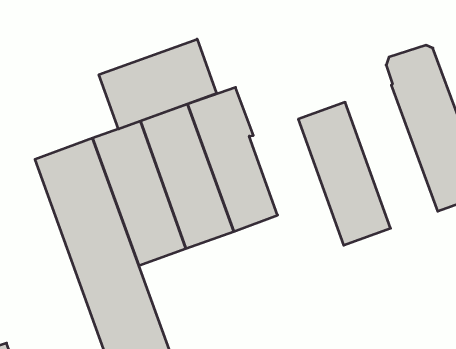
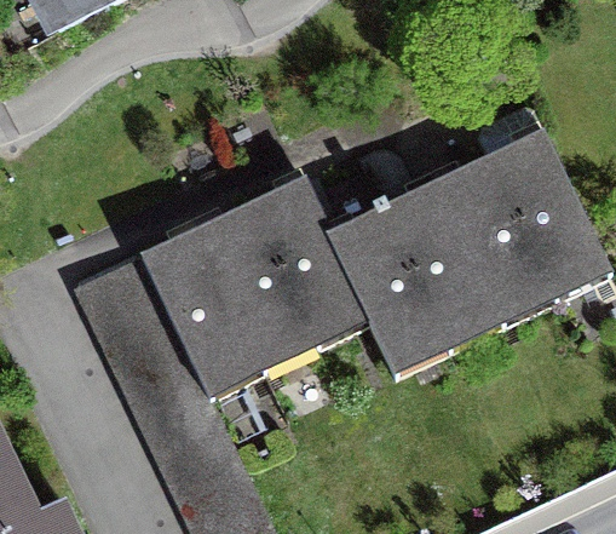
building: [99,39,217,129] -> none
building: none -> [433,156,554,325]
building: none -> [324,207,448,377]

